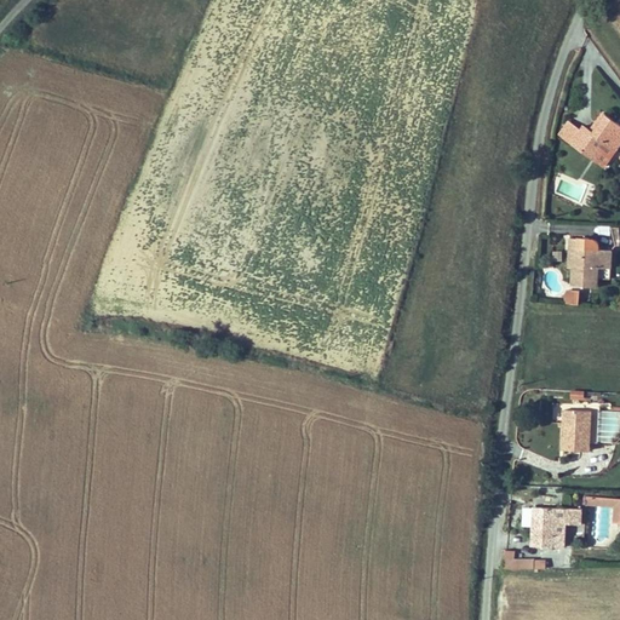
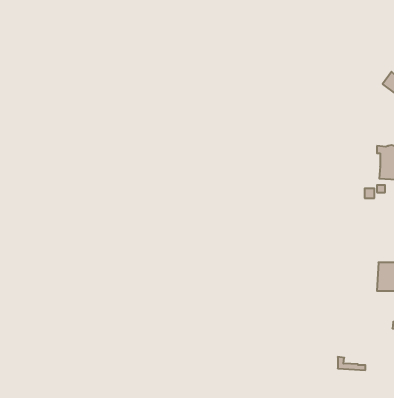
building: [534,510,580,551] -> none

